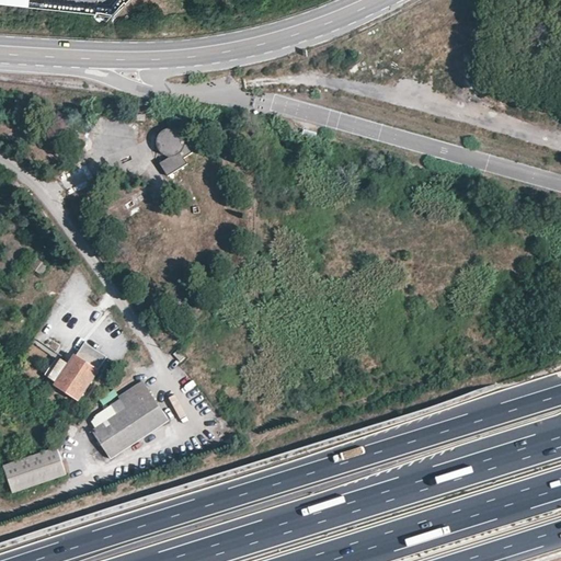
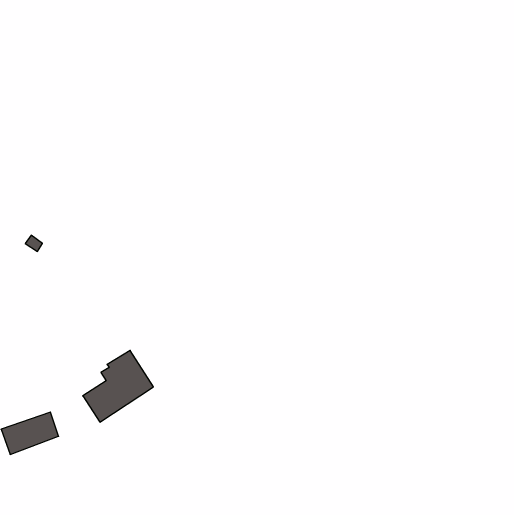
building: [157,127,192,174] -> none
building: [47,345,101,401] -> none

